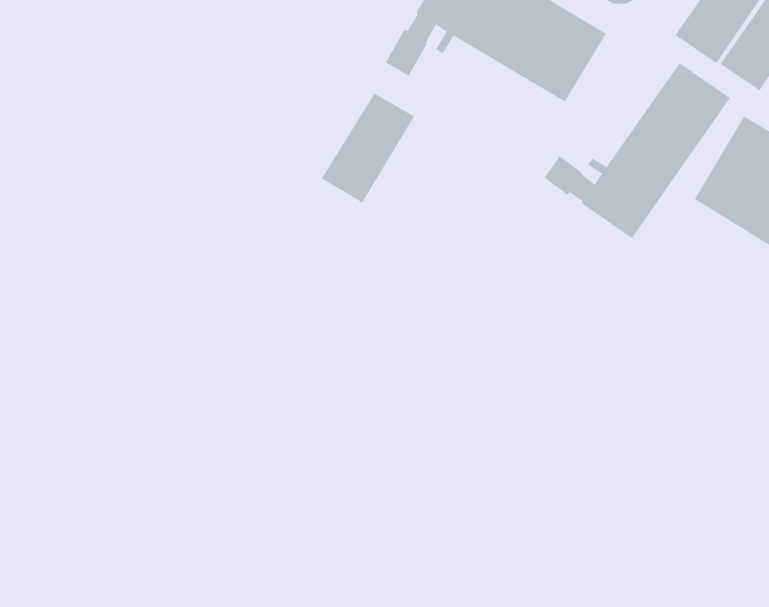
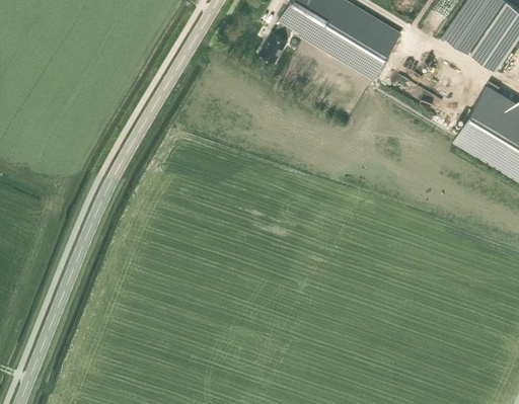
building: [543,62,731,239] -> none
building: [321,92,415,204] -> none

